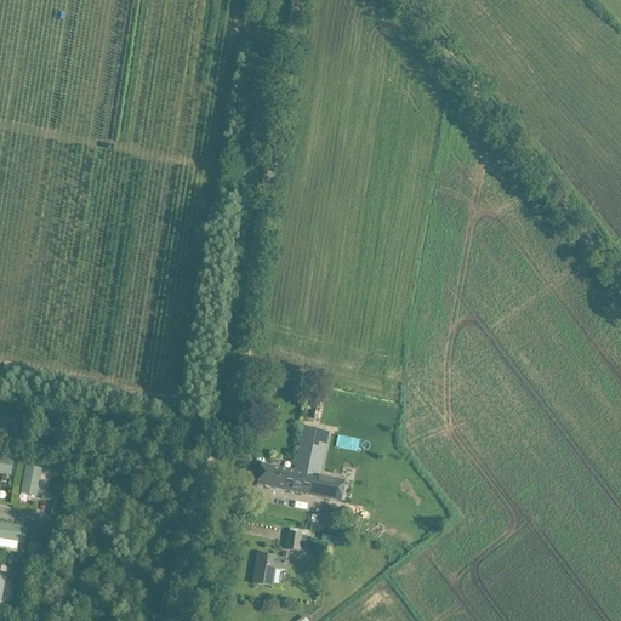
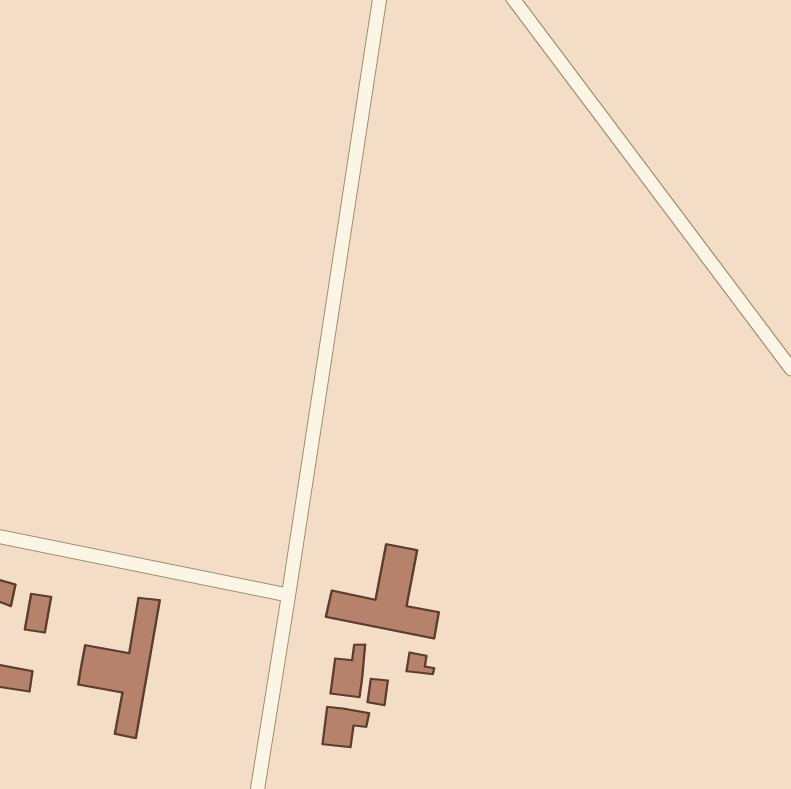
building: none -> [78,598,160,738]
building: none -> [331,644,365,697]

